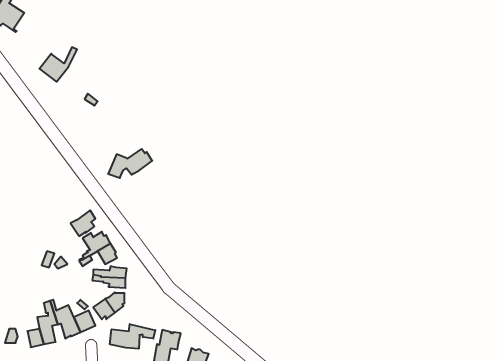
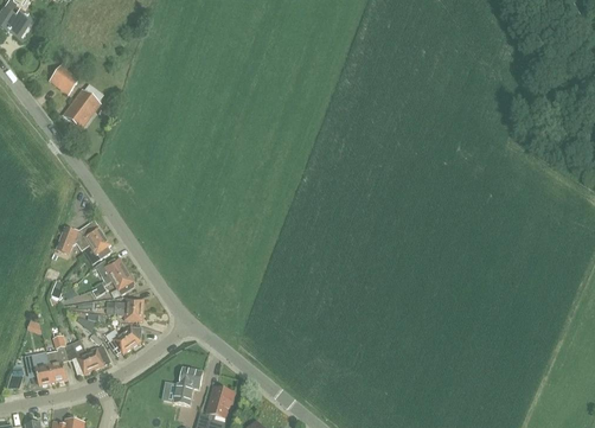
building: none -> [62,90,98,128]
building: [108,149,152,178] -> [55,222,103,254]
building: [110,324,155,349] -> none

